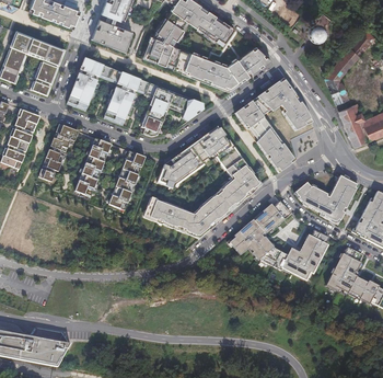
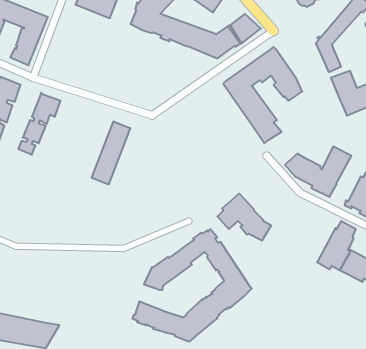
building: [68,58,206,136] -> none
building: [144,128,258,236] -> [132,229,252,342]
building: [72,137,112,197] -> none
building: [249,199,290,234] -> none
building: [271,228,327,277] -> none

